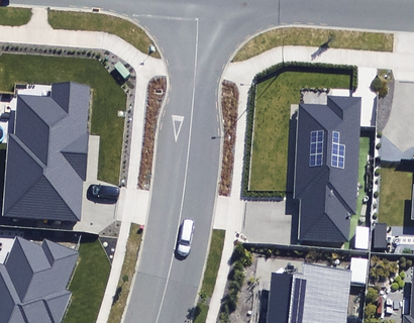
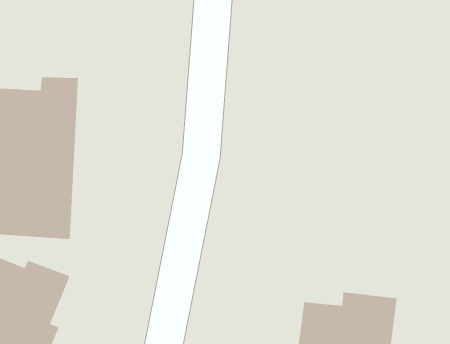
building: [294,95,361,242] -> none

